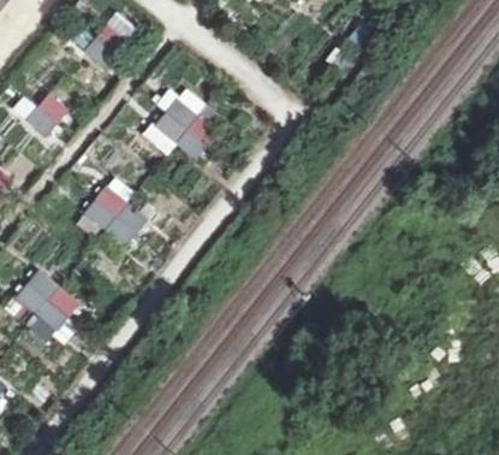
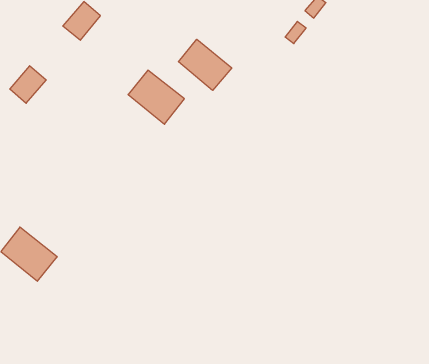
building: none -> [178,39,232,90]
building: [84,187,145,246] -> none

